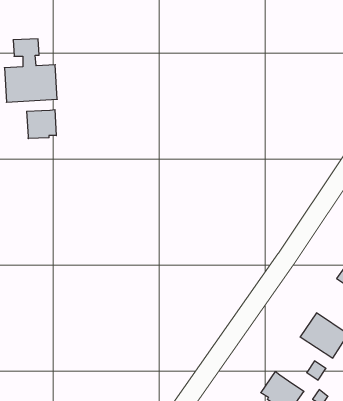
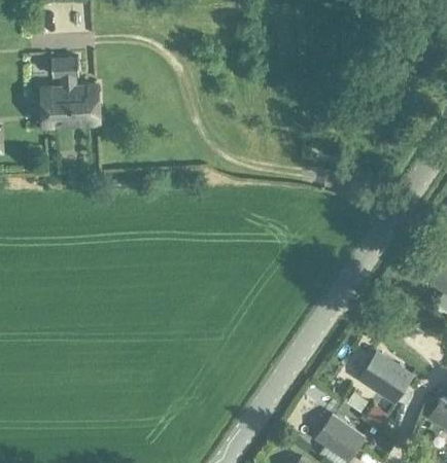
building: [27,110,56,139] -> none

